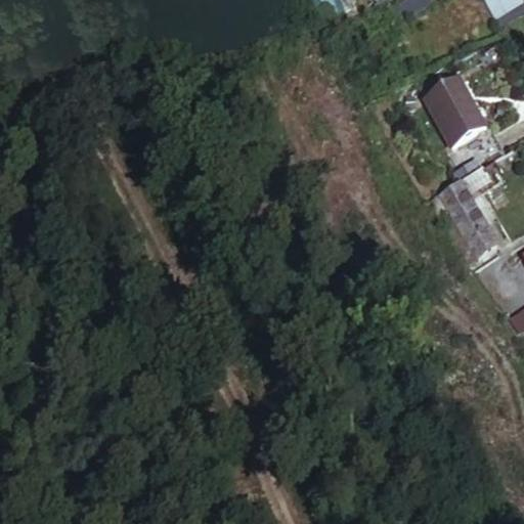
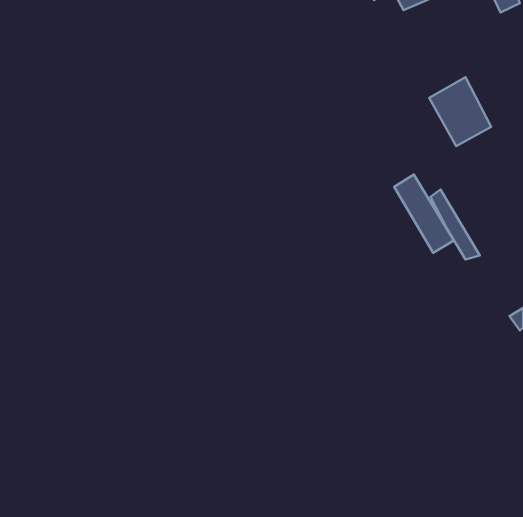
building: [438,176,497,254] -> [394,174,454,253]

